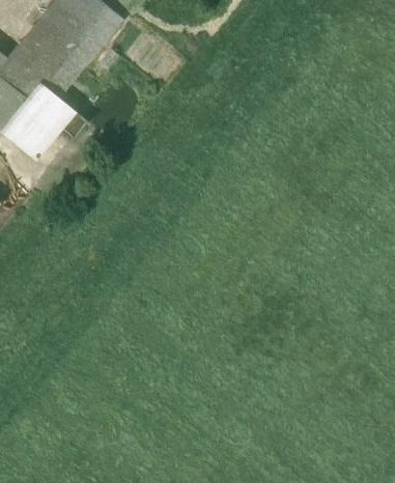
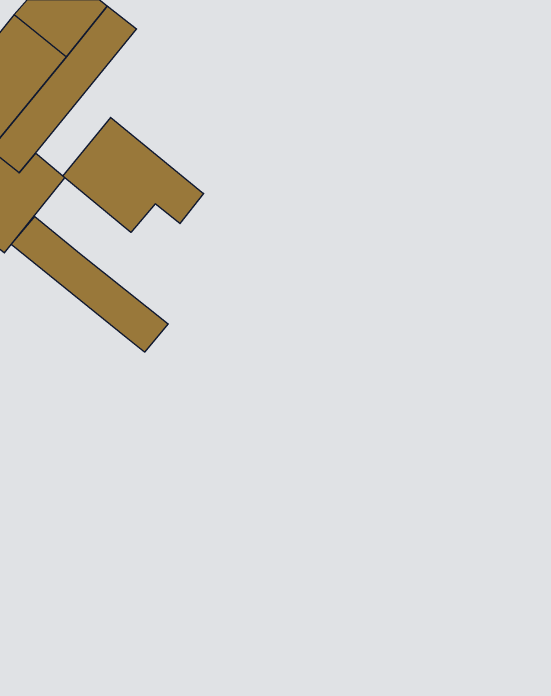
building: none -> [63,117,204,232]
building: none -> [11,217,168,352]

